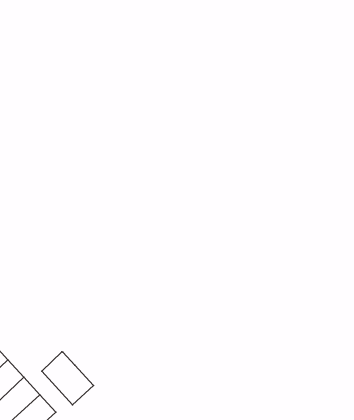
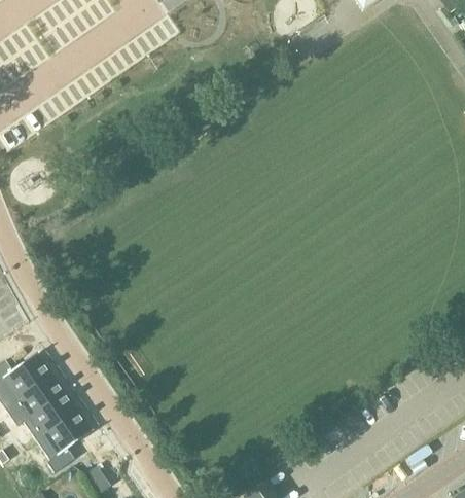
building: [42,352,94,405] -> none

